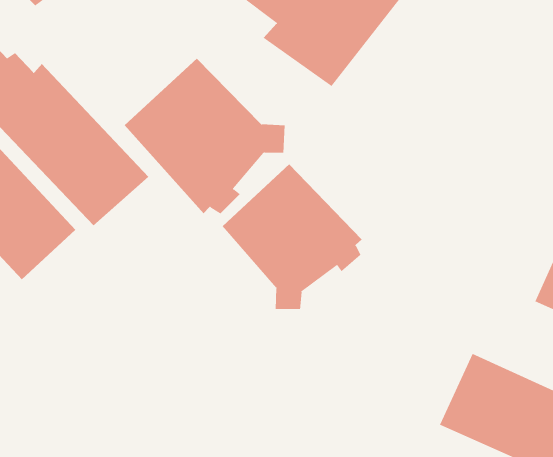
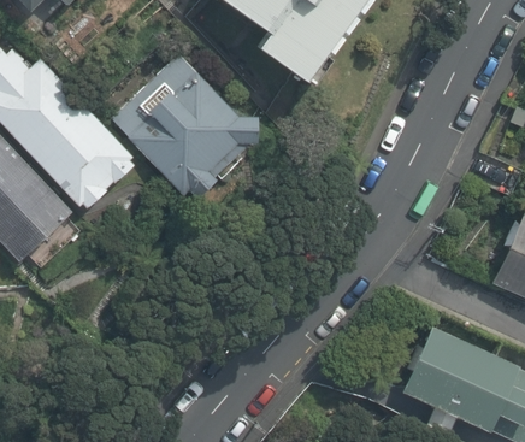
building: [222,163,363,310] -> none

